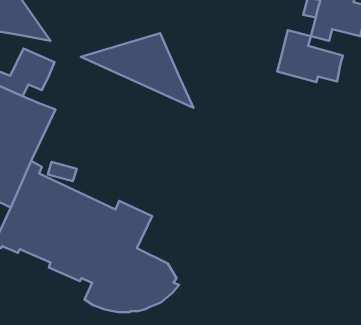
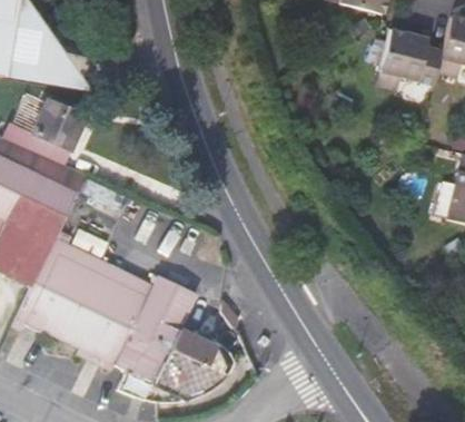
building: [277,30,343,82] -> none
building: [81,33,194,108] -> none

